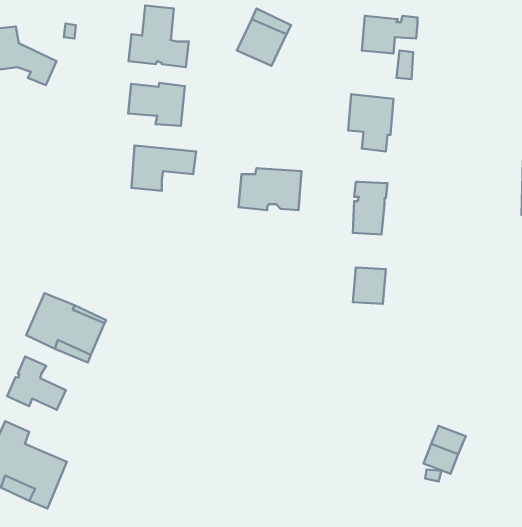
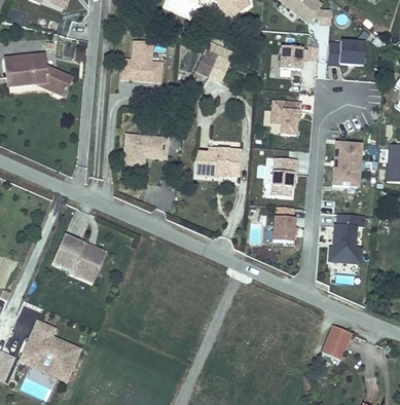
building: none -> [330,41,365,66]
building: [128,83,185,126] -> none
building: none -> [333,142,360,186]
building: none -> [330,214,364,264]
building: [7,356,66,410] -> none

